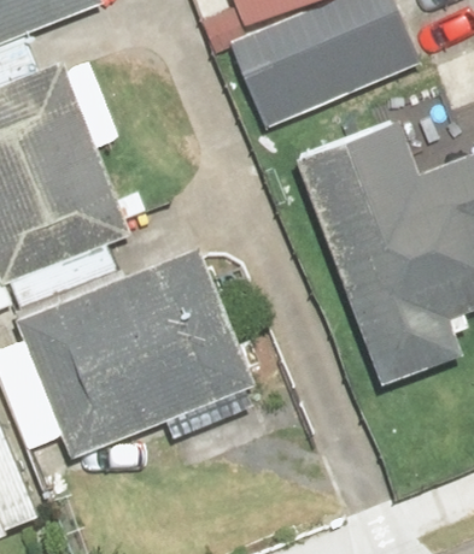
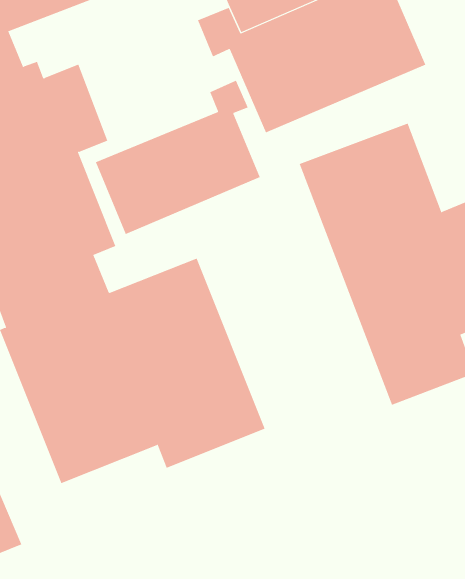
building: none -> [95,80,261,235]

